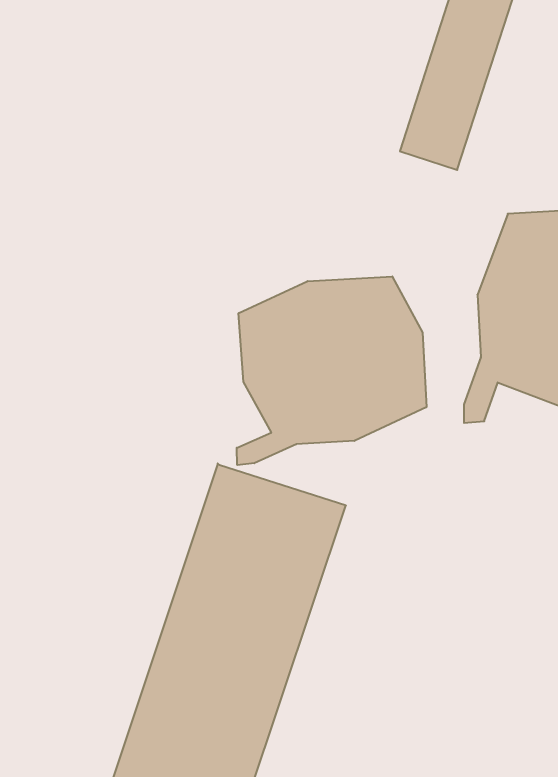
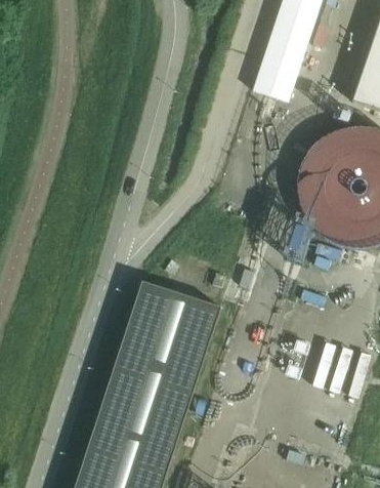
building: [237,276,426,465] -> none

